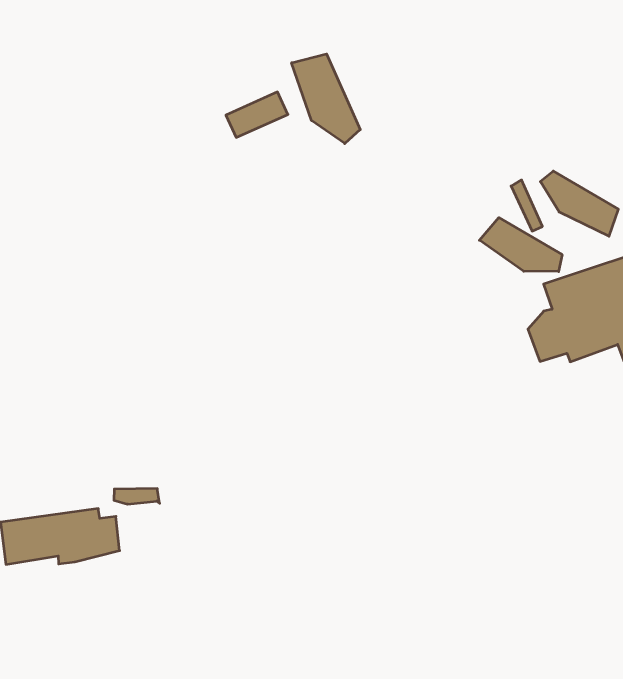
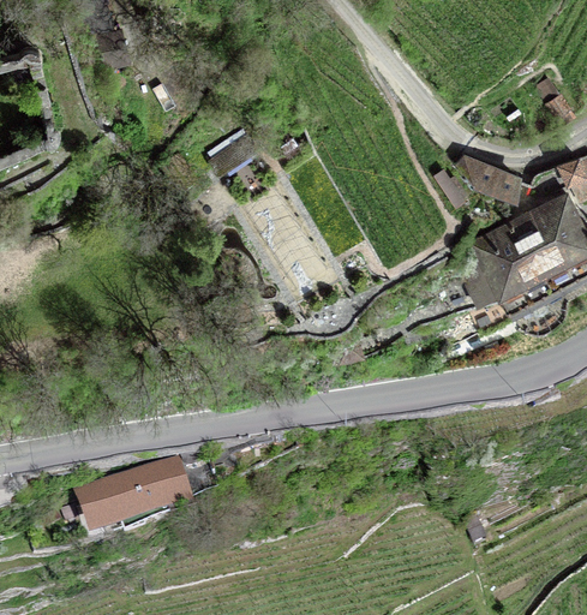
building: [292,54,360,144] -> none
building: [479,218,562,272] -> none

